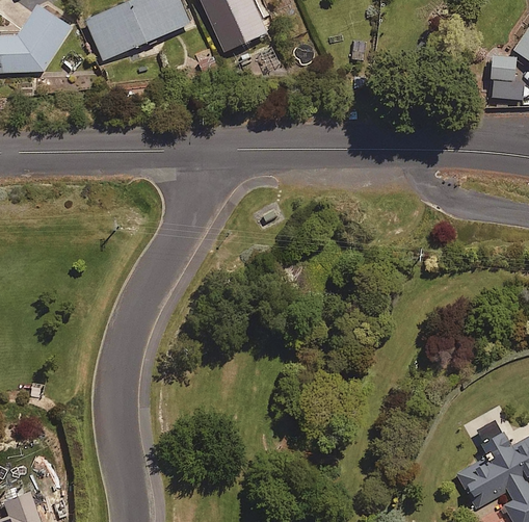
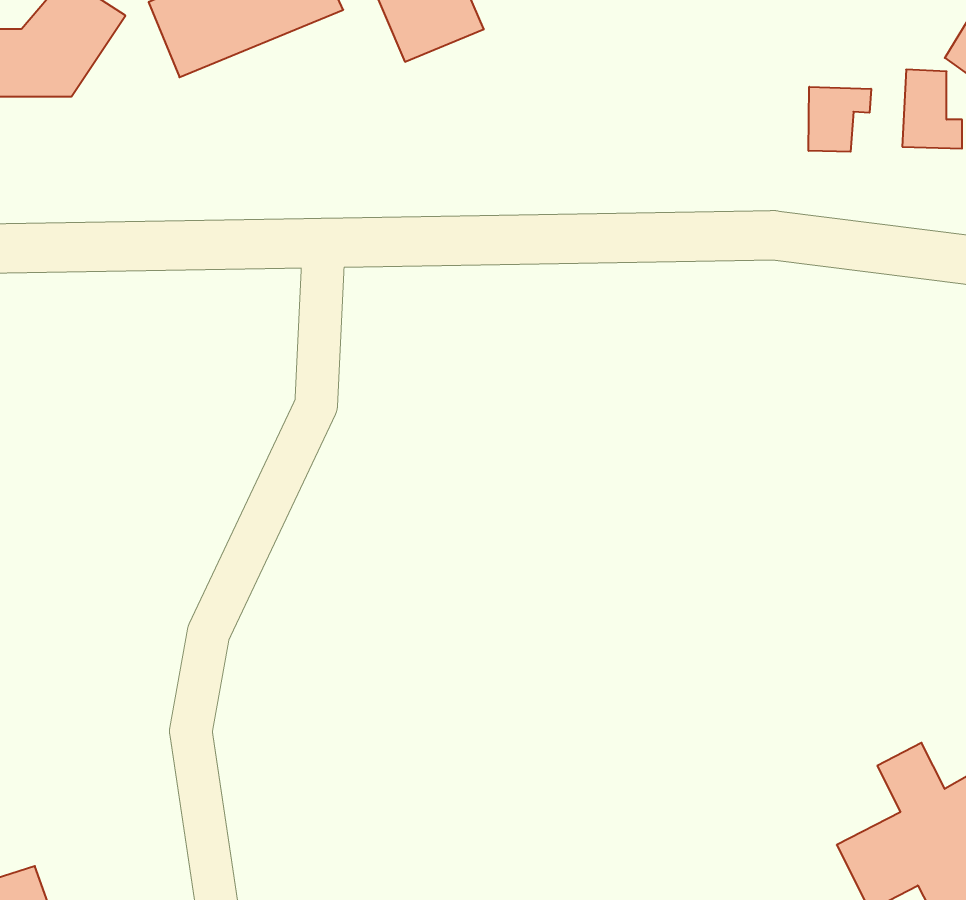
building: none -> [809,87,871,152]

